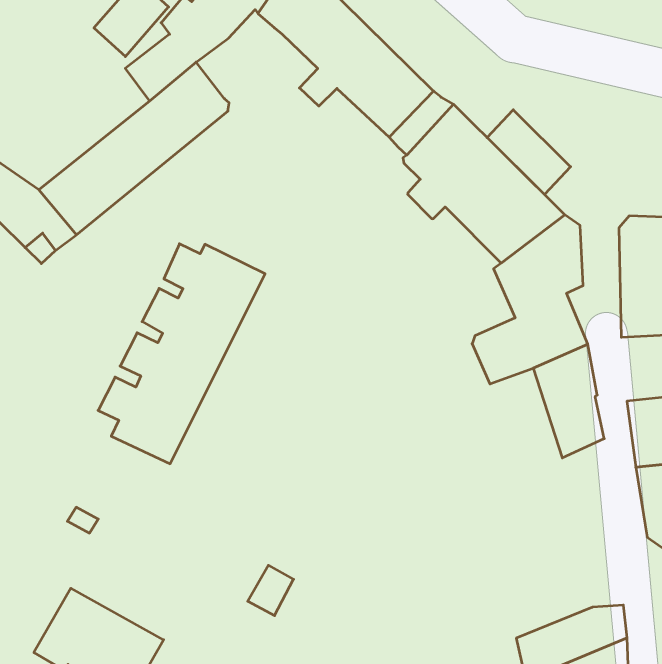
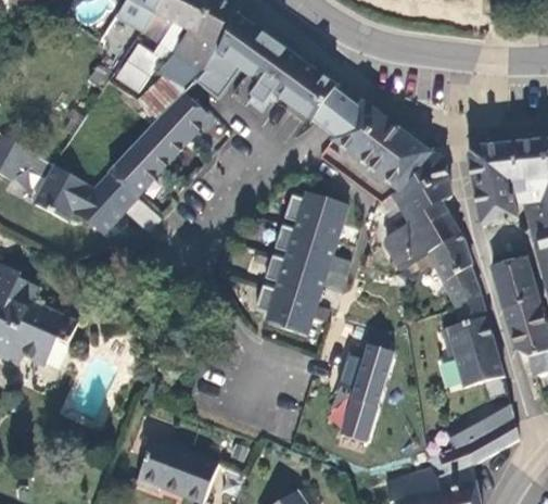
building: none -> [183,51,235,111]
building: [487,110,571,195] -> none
building: [98,244,265,464] -> [256,191,349,335]
building: none -> [441,291,502,388]
building: none -> [322,339,395,438]

